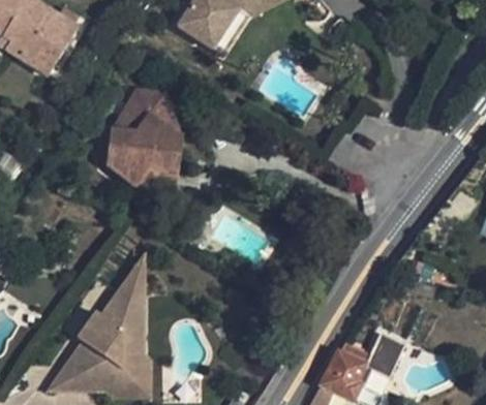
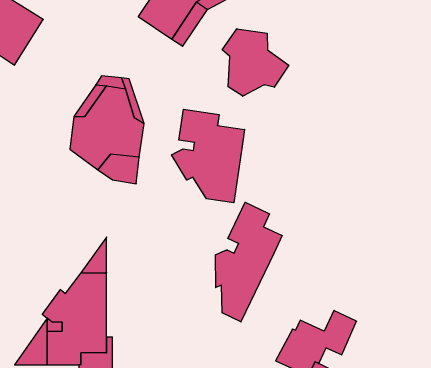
building: none -> [222,29,289,96]
building: none -> [172,109,245,203]
building: none -> [216,202,282,322]

